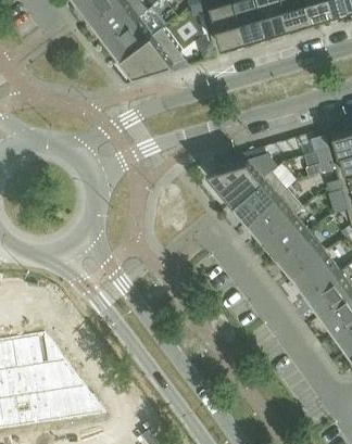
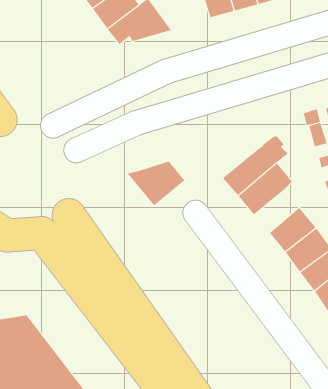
building: [206,162,263,205] -> [127,161,185,206]
building: [263,216,307,258] -> none

